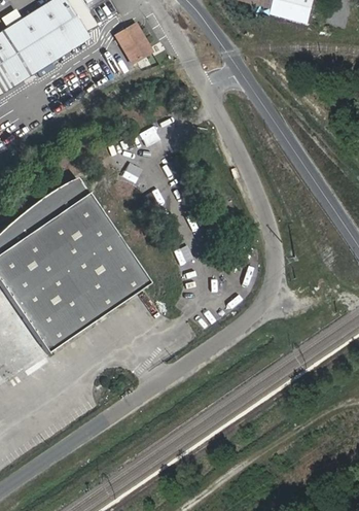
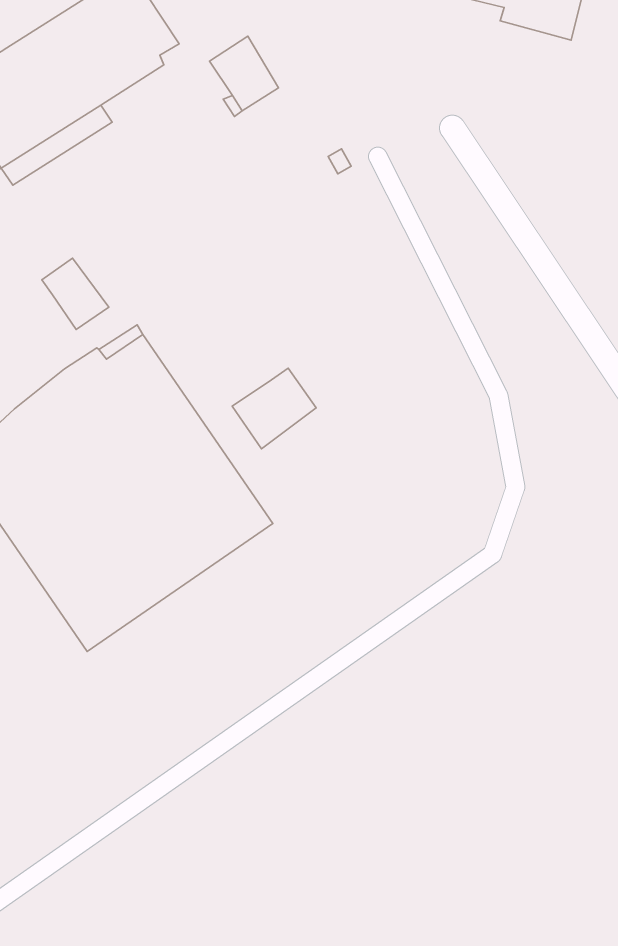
building: none -> [42,258,109,330]
building: none -> [232,368,316,449]

